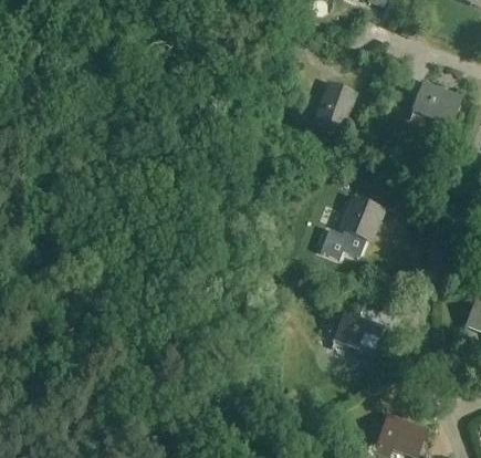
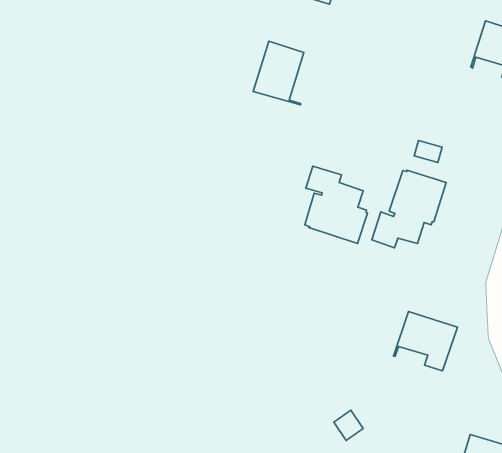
building: [313,82,356,135] -> [253,41,304,105]
building: none -> [305,166,368,243]

